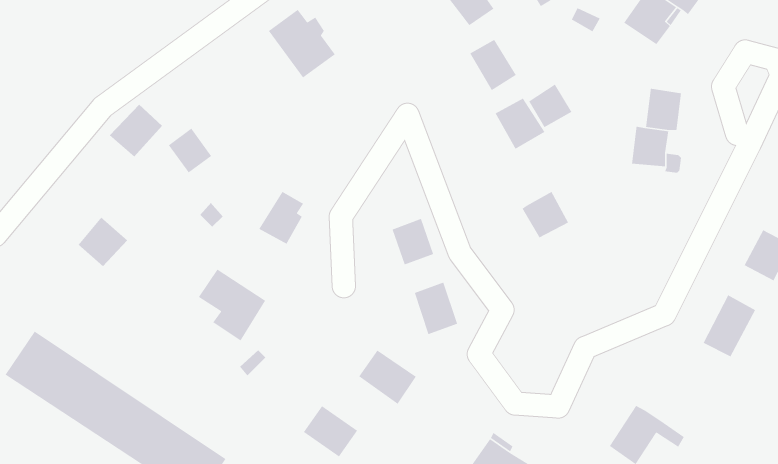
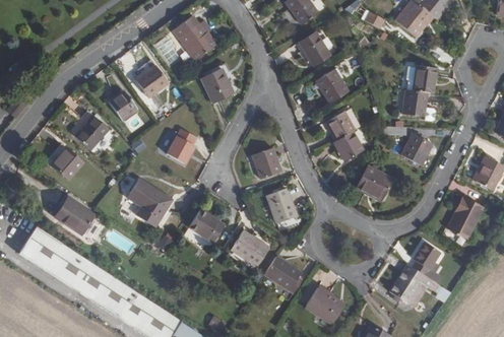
building: [528,84,573,128] -> [327,111,356,139]
building: none -> [134,63,167,95]
building: none -> [201,67,235,102]
building: [109,104,163,158] -> [73,114,108,148]
building: none -> [402,131,433,163]
building: none -> [362,167,392,193]
building: none -> [55,199,92,235]
building: none -> [414,245,441,278]
building: none -> [261,256,299,291]
building: [303,405,358,458] -> [187,209,223,243]

